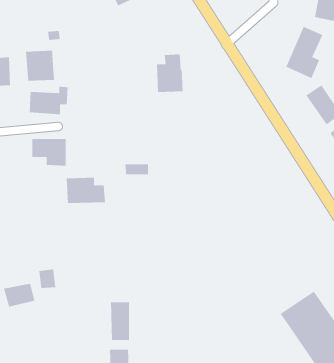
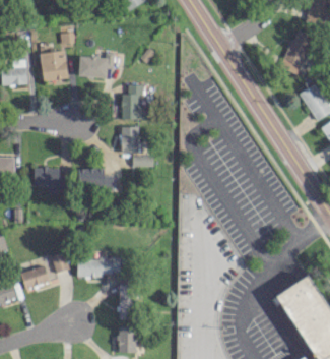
building: [156,54,184,92] -> [121,84,146,120]
building: [29,86,69,115] -> [78,52,115,78]
building: none -> [120,127,139,153]
building: [31,139,67,166] -> [35,169,67,194]
building: none -> [76,258,121,277]

